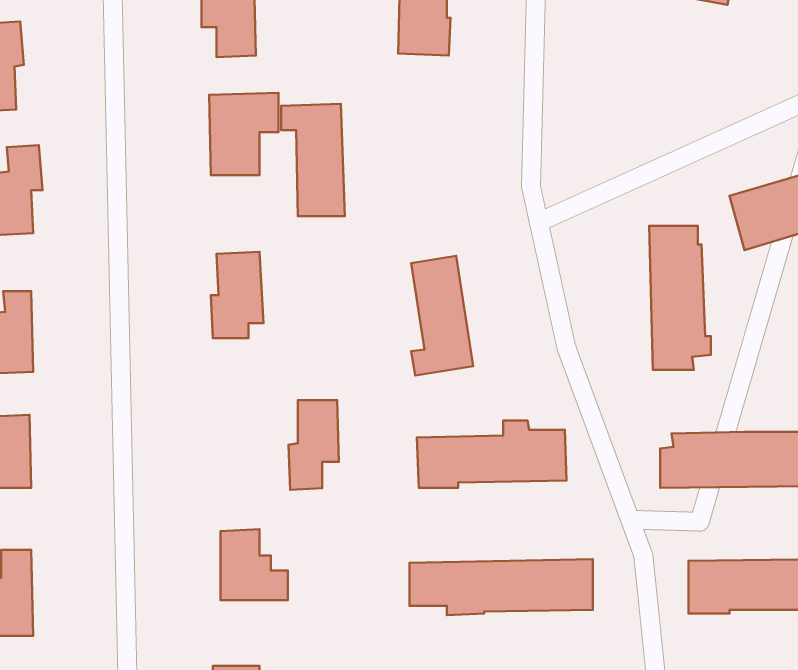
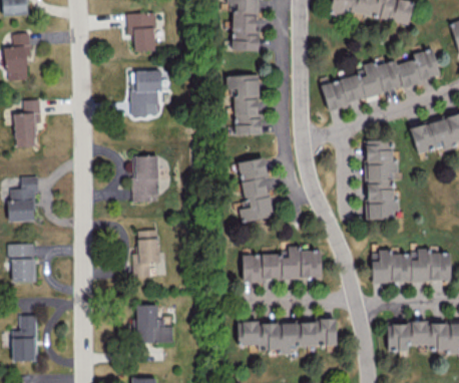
building: none -> [321,48,439,108]
building: [281,104,345,216] -> [225,75,260,135]
building: [288,400,339,490] -> [132,231,159,279]

